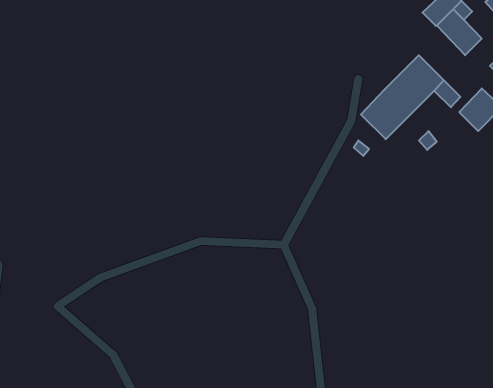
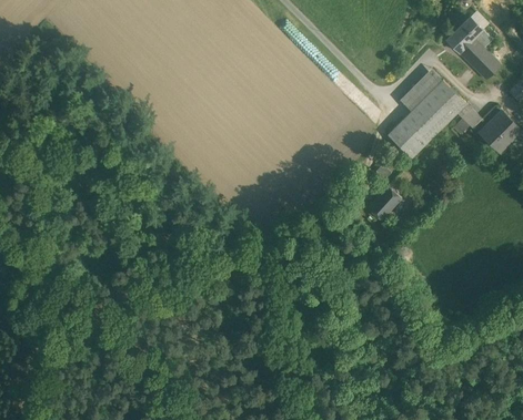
building: none -> [400,69,442,112]
building: none -> [366,186,401,222]

